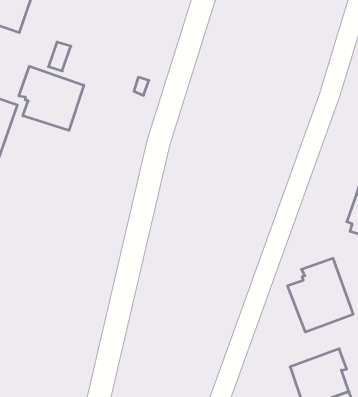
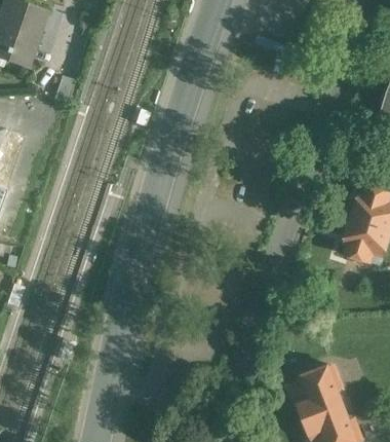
building: [19,66,84,130] -> none
building: [288,258,353,332] -> none

